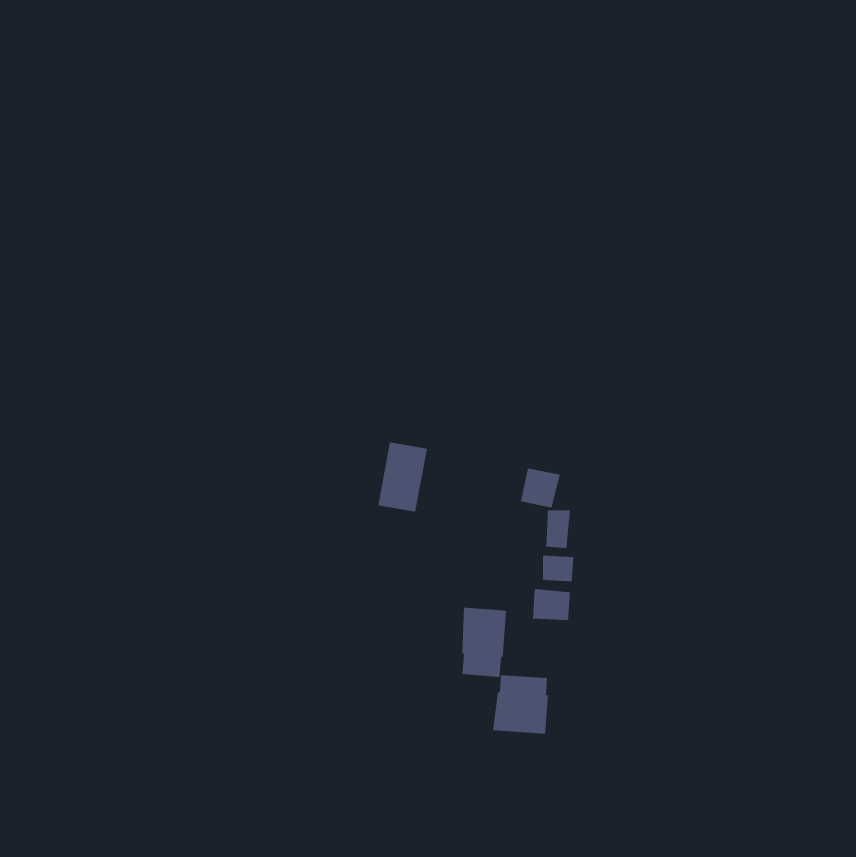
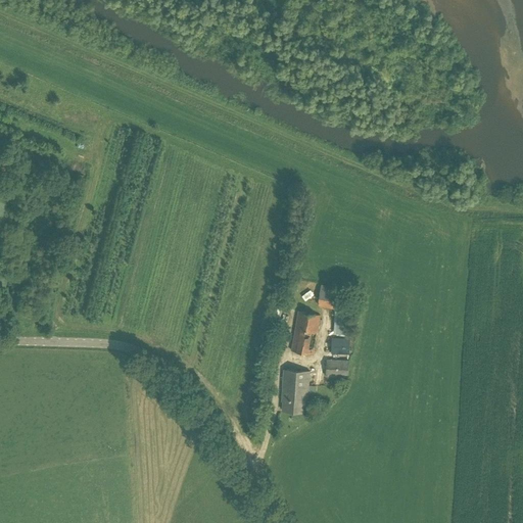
building: [377,442,428,512] -> [289,312,320,354]
building: [493,675,548,734] -> none

